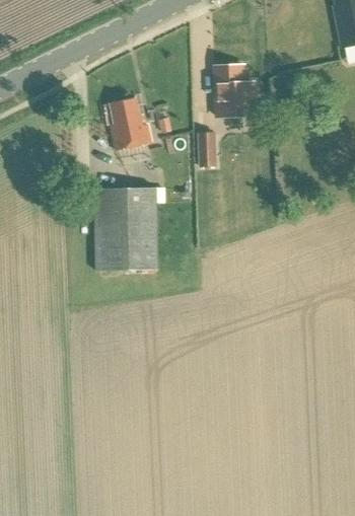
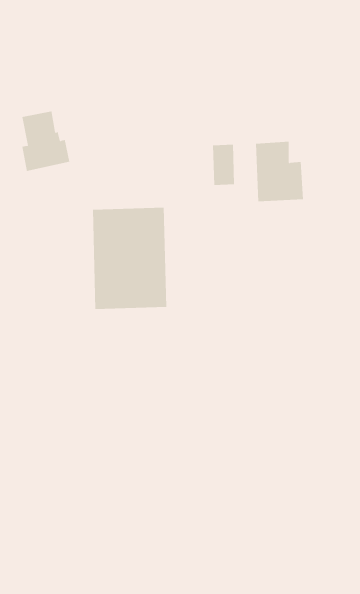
building: [213,65,255,117] -> [255,141,304,202]
building: [111,95,152,147] -> [21,111,70,172]

